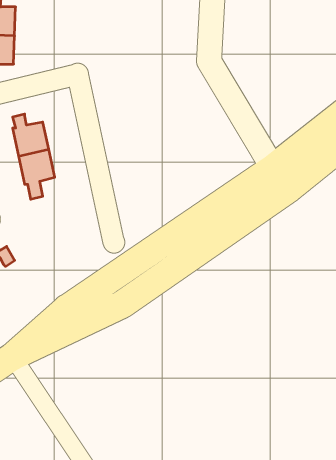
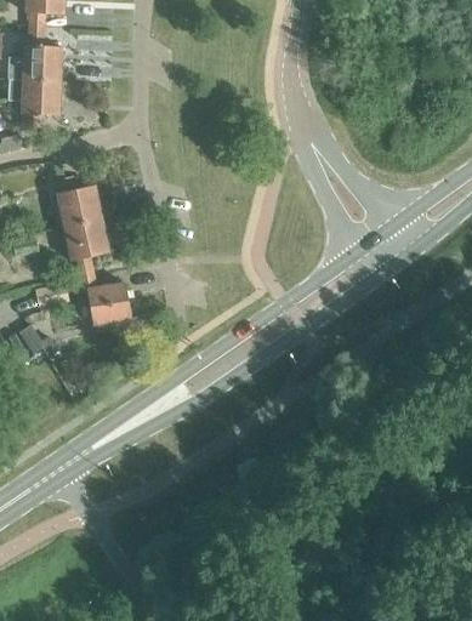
building: none -> [79,274,131,323]

